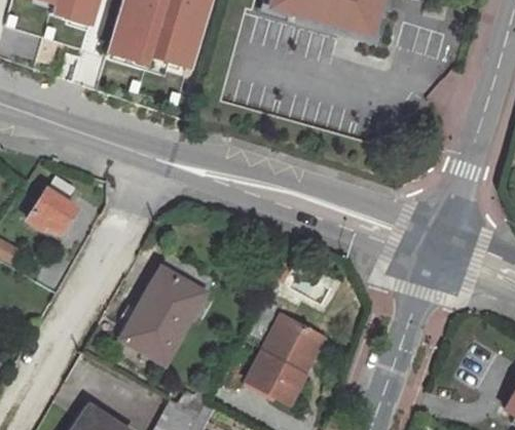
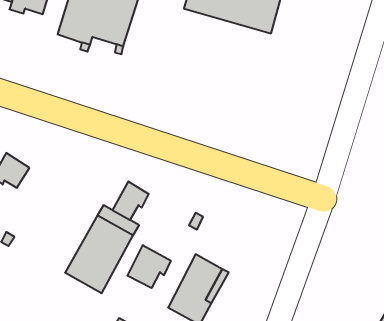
building: none -> [113,181,149,220]
building: none -> [128,245,171,288]

